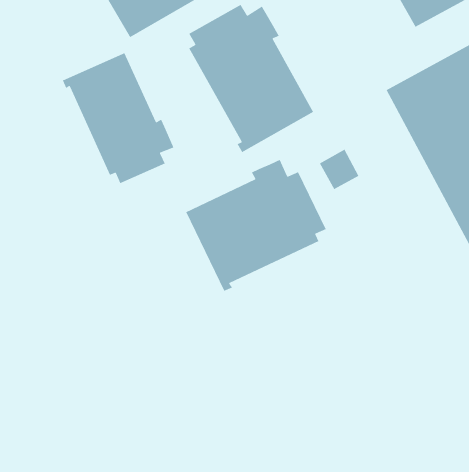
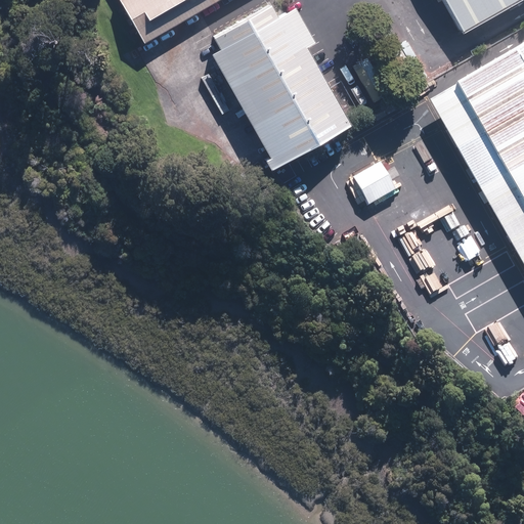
building: [62,52,174,184] -> none
building: [185,159,327,292] -> none

